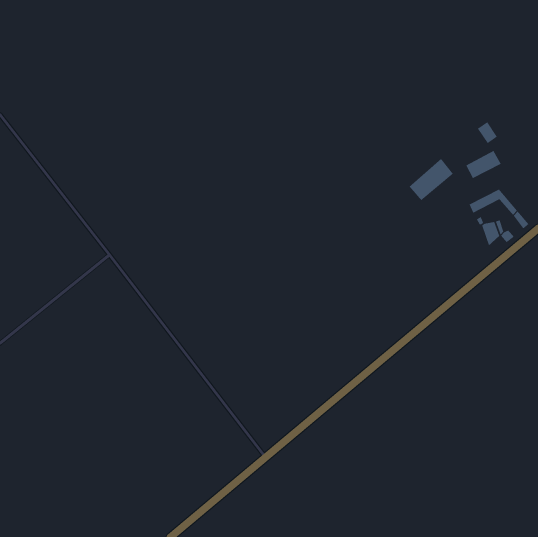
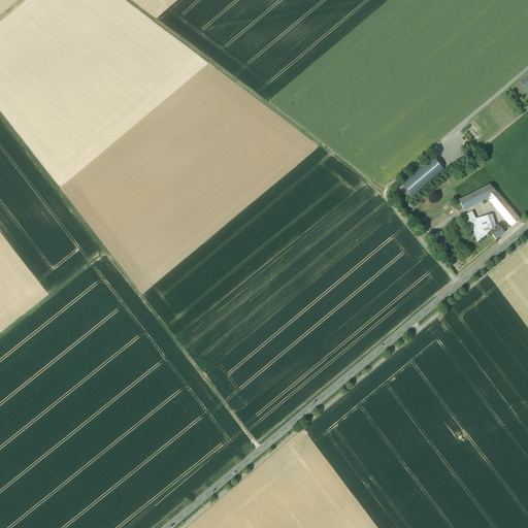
building: [465,150,502,179] -> none

